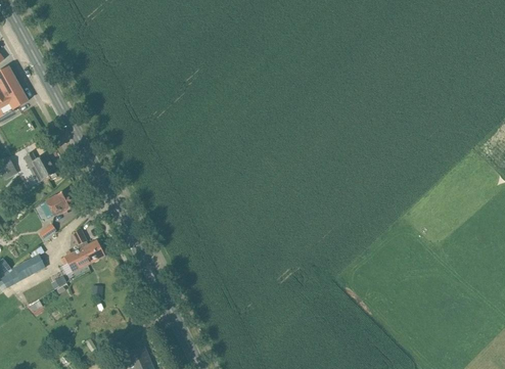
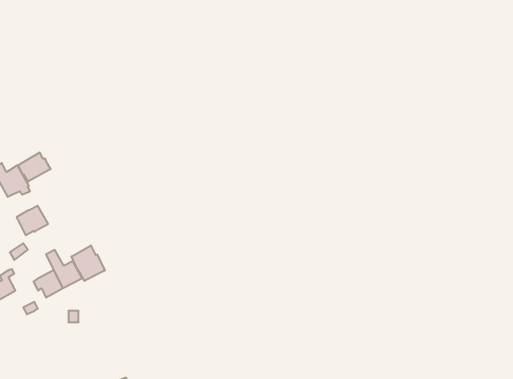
building: none -> [18,152,51,182]
building: none -> [71,245,105,281]

